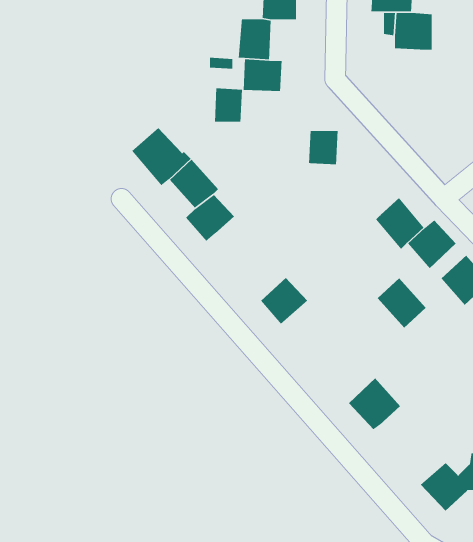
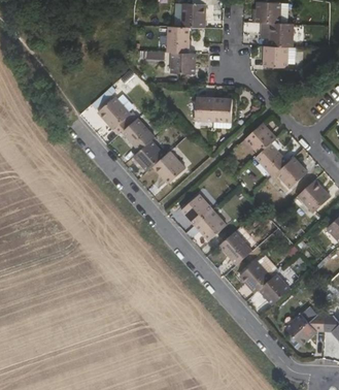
building: none -> [262,45,287,66]
building: [214,88,243,123] -> [194,97,212,120]
building: none -> [244,121,275,153]
building: none -> [151,150,184,183]
building: [377,278,426,329] -> [218,230,250,263]
building: none -> [194,208,226,239]
building: none -> [258,272,289,304]

